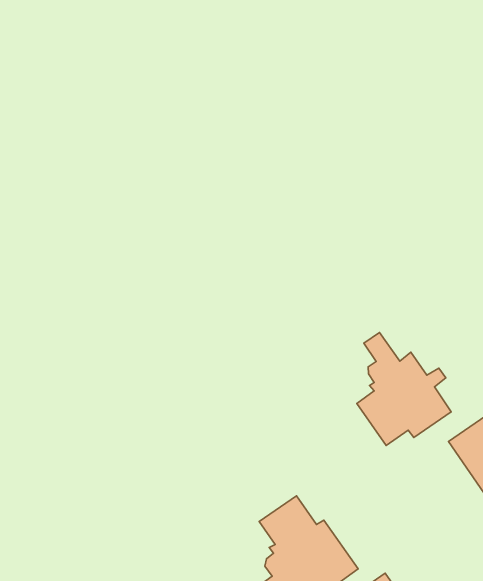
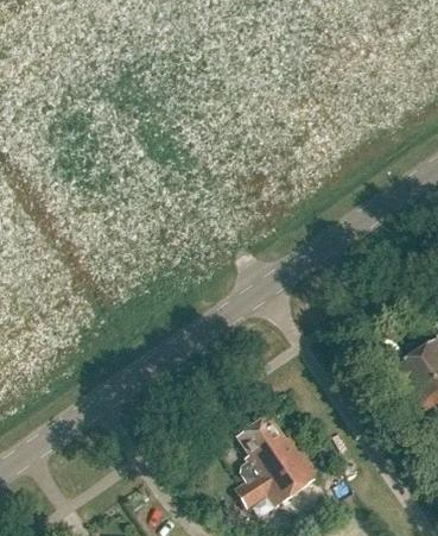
building: [357,333,451,445] -> none

